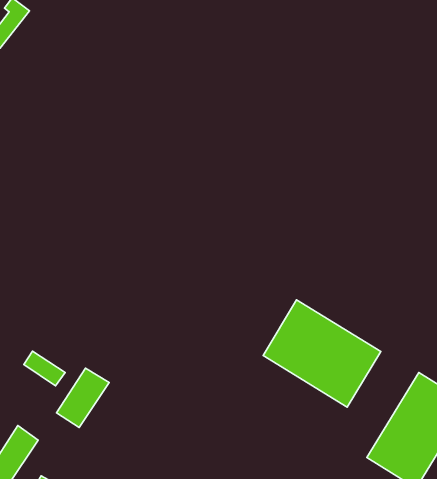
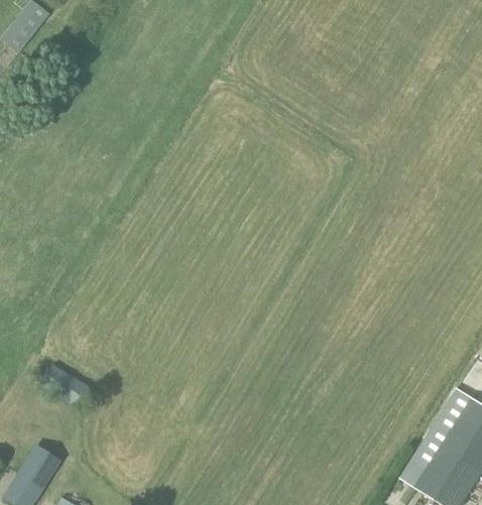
building: [263,300,381,407] -> none
building: [56,368,109,428] -> none

